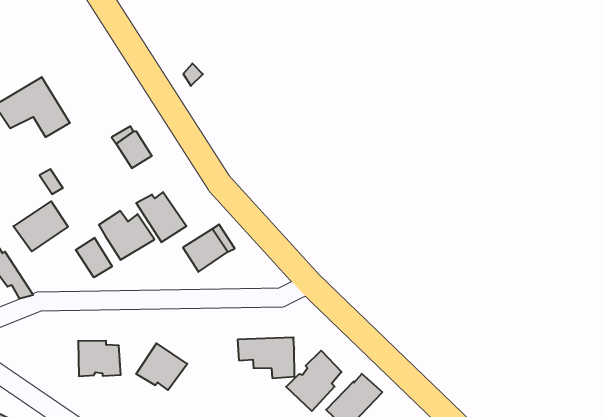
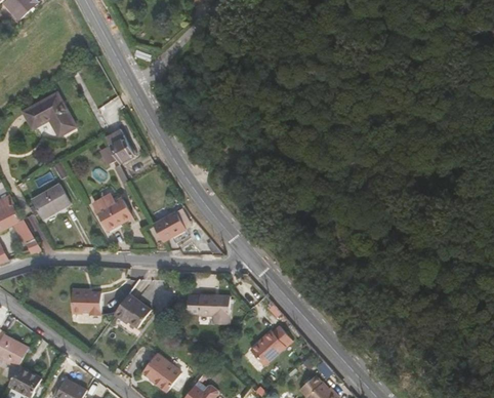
building: [136,192,186,242] -> none
building: [76,238,112,277] -> none
building: [286,351,342,411] -> none

